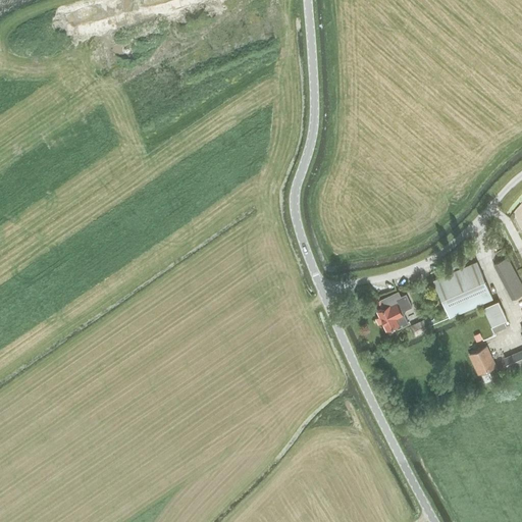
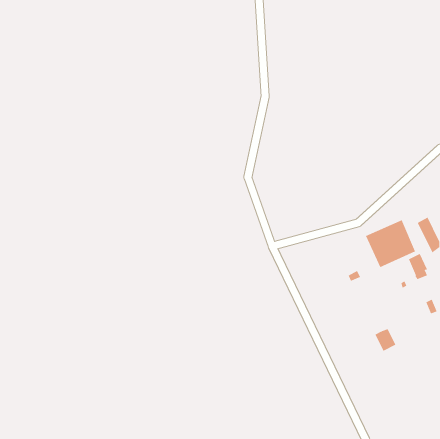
building: [375,292,412,330] -> none
building: [469,348,494,375] -> [375,328,396,352]

